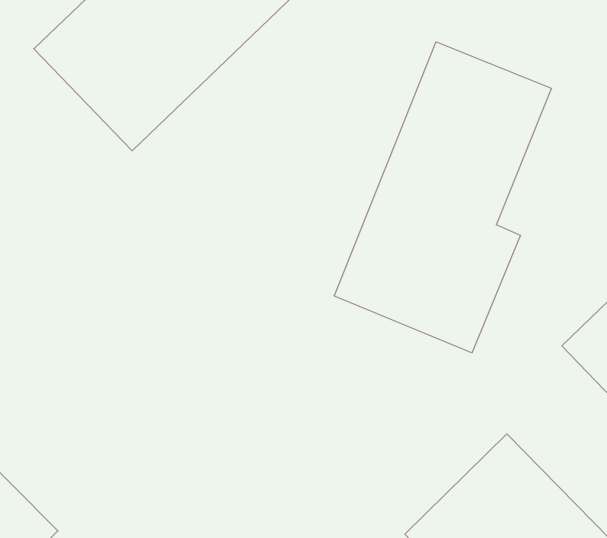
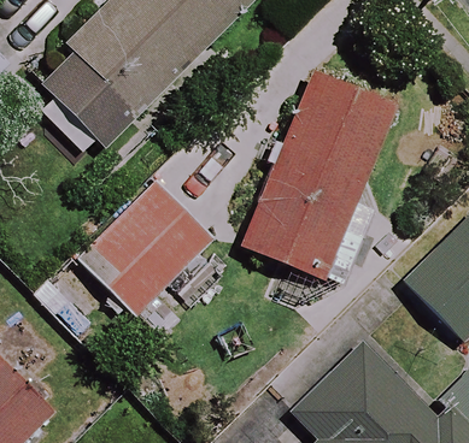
building: none -> [80,187,210,317]

